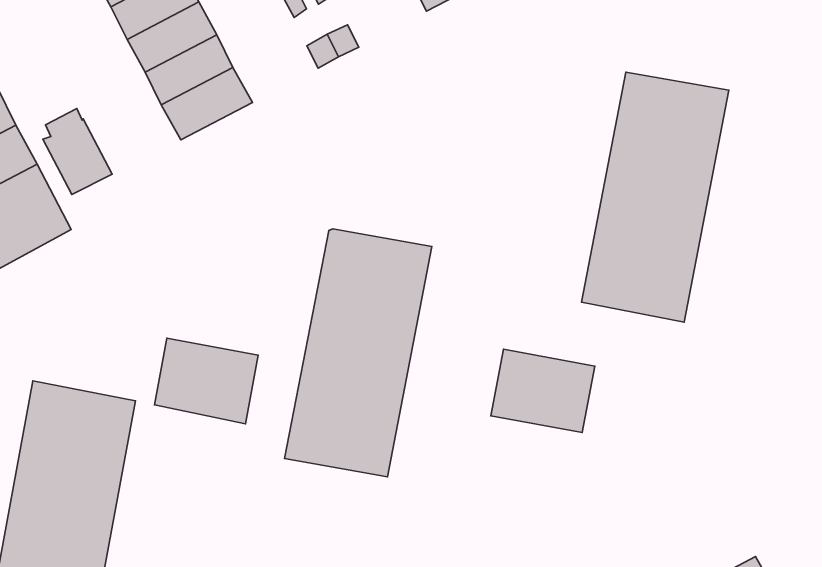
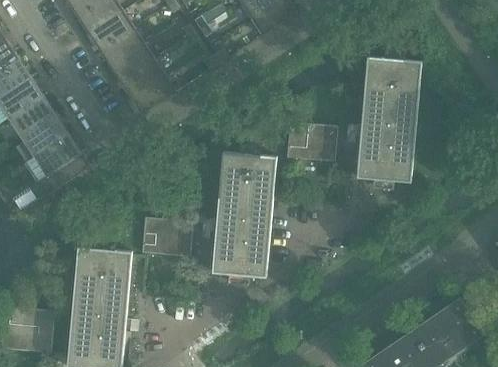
building: [43,109,112,195] -> none
building: [491,349,595,433] -> [286,122,337,161]

